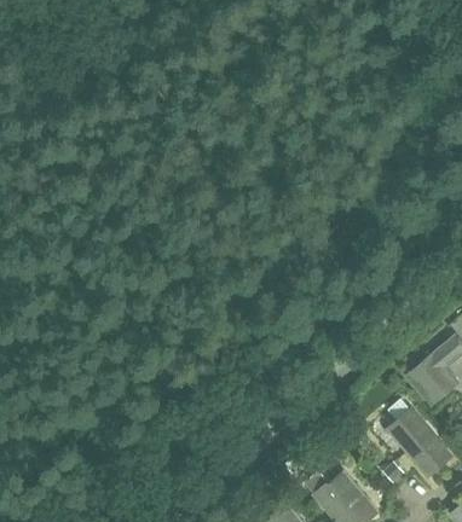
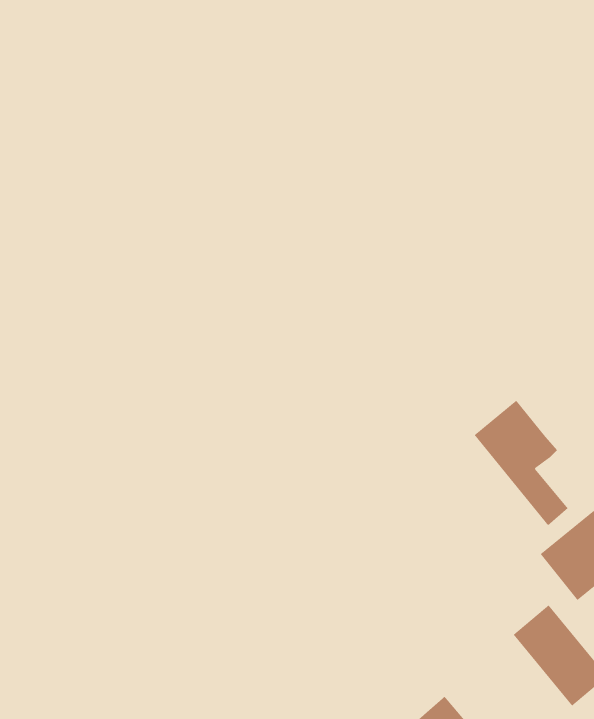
building: none -> [474,400,569,526]

